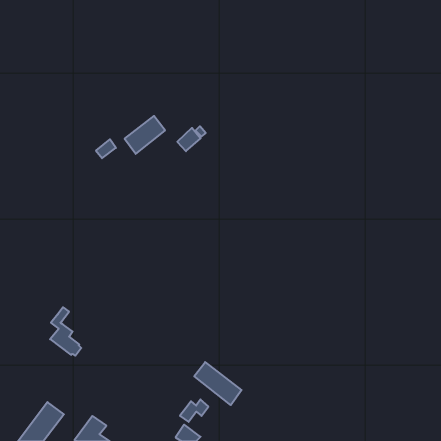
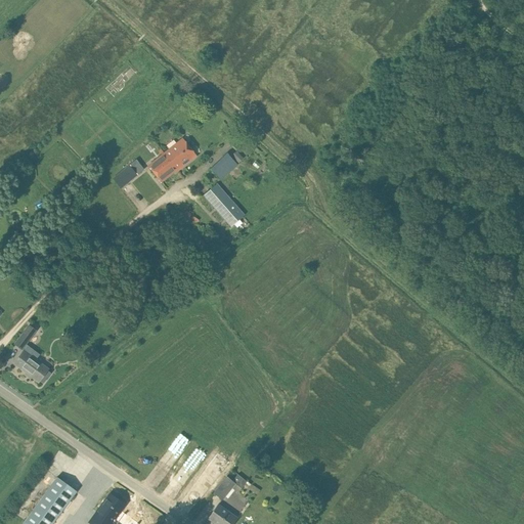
building: none -> [204,182,246,226]
building: [50,307,81,356] -> [14,324,51,382]
building: [194,362,242,405] -> none

